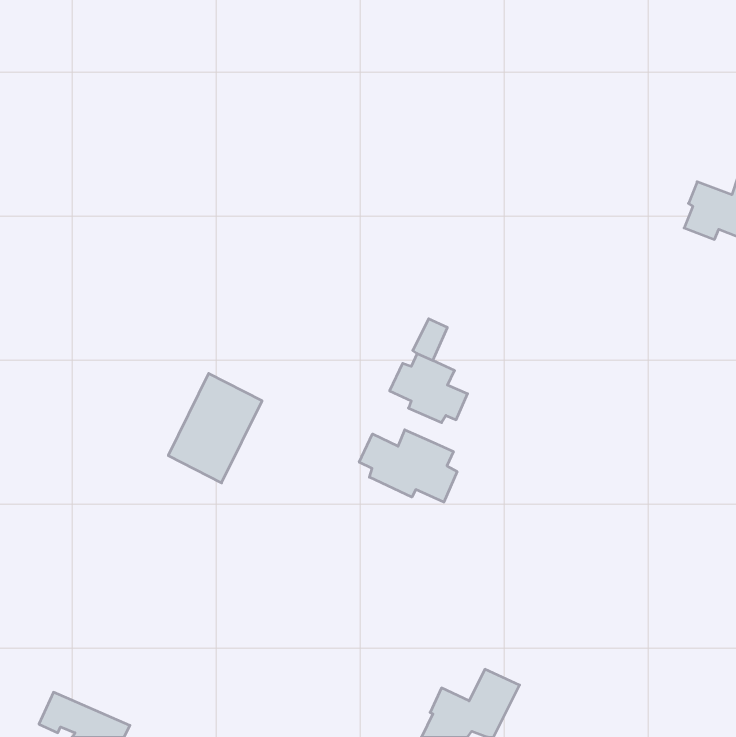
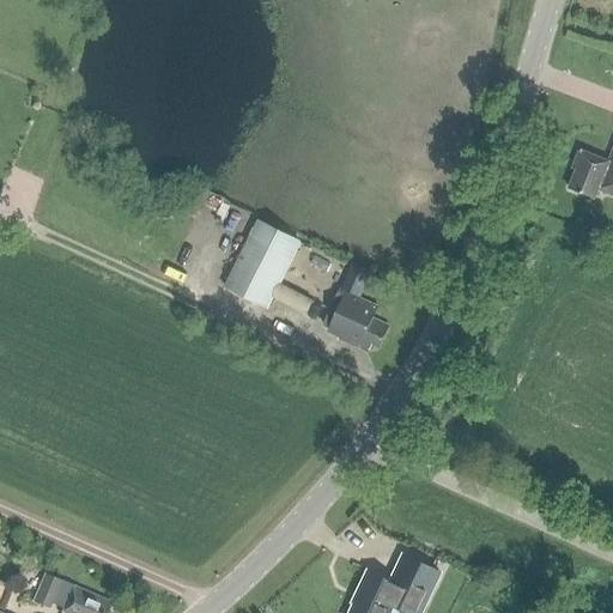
building: [168,373,262,483] -> [224,219,302,310]
building: [359,430,457,502] -> none

